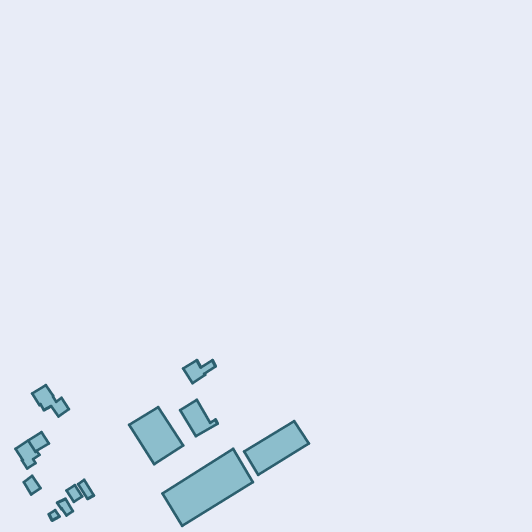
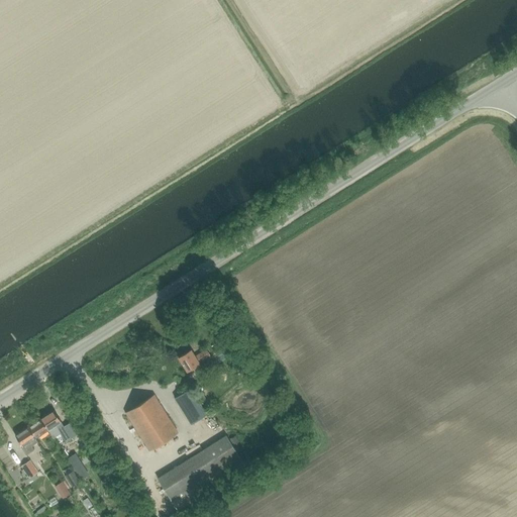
building: [32,385,69,417] -> [40,411,76,441]
building: [244,421,309,475] -> none

